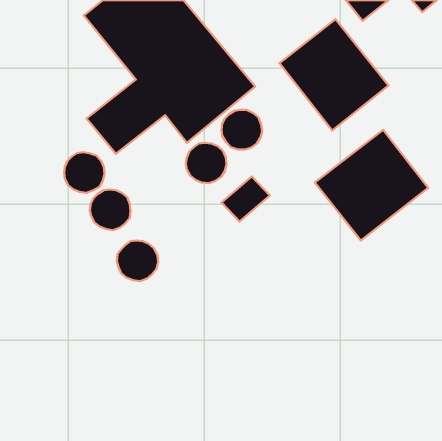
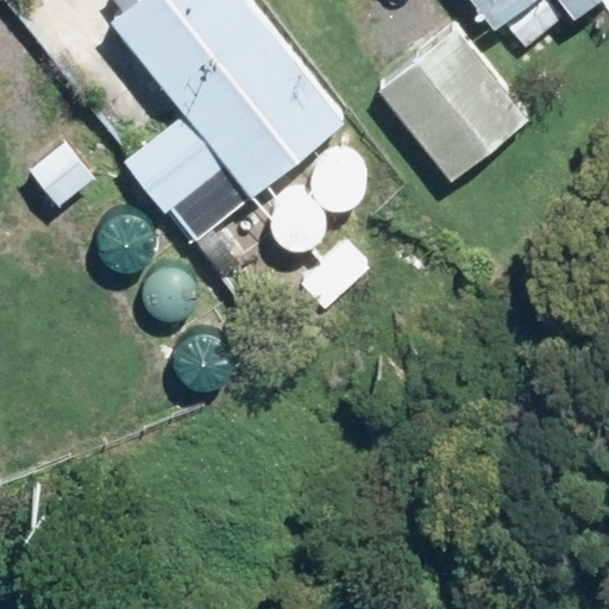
building: [315,130,428,241] -> none

